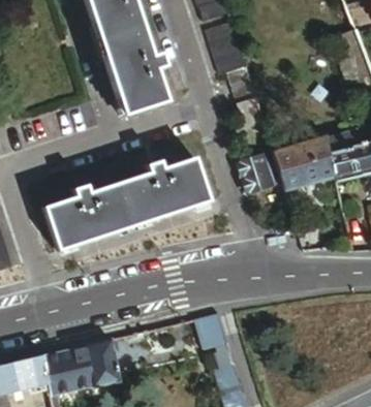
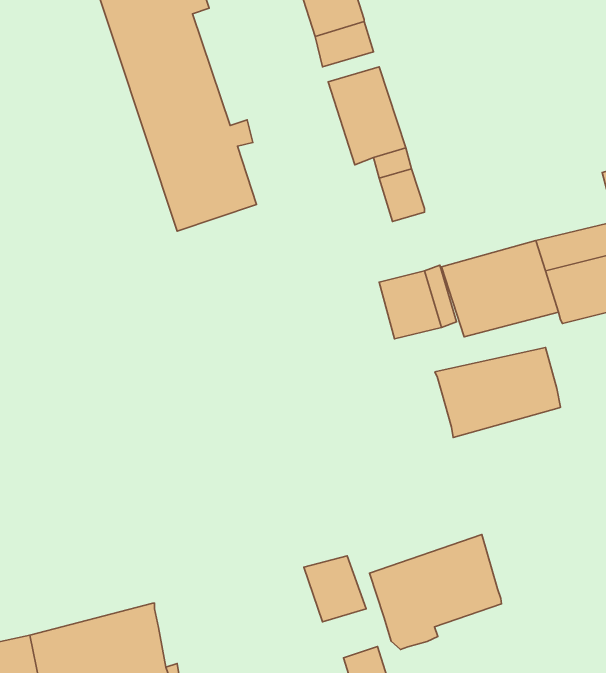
building: [47,155,211,249] -> none
building: none -> [435,348,561,438]
building: none -> [370,535,502,649]

